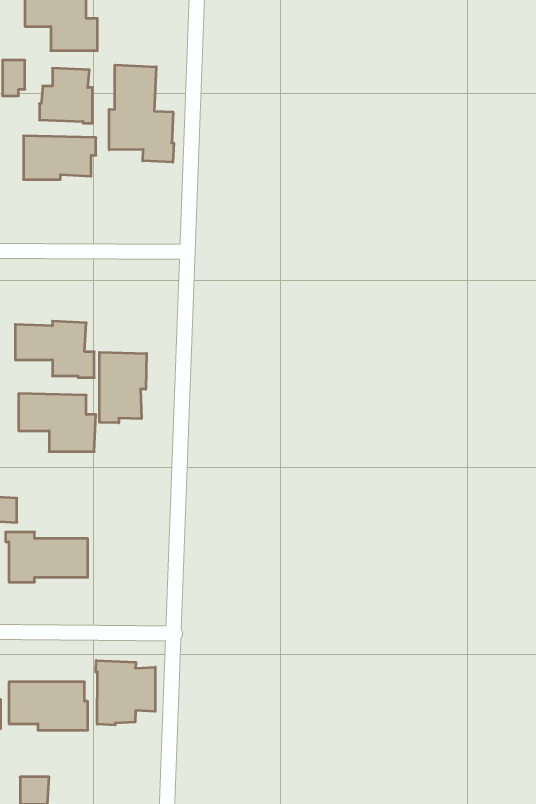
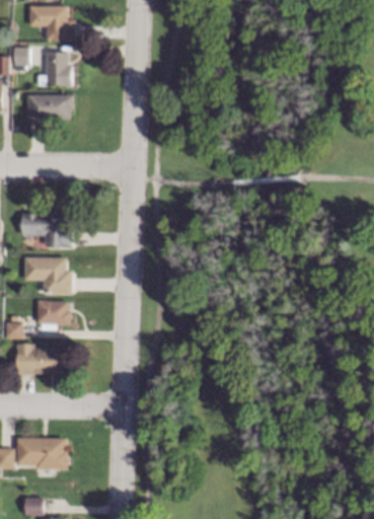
building: [109,65,174,162] -> none
building: [99,352,147,423] -> none
building: none -> [36,300,72,330]
building: [96,660,155,725] -> none

